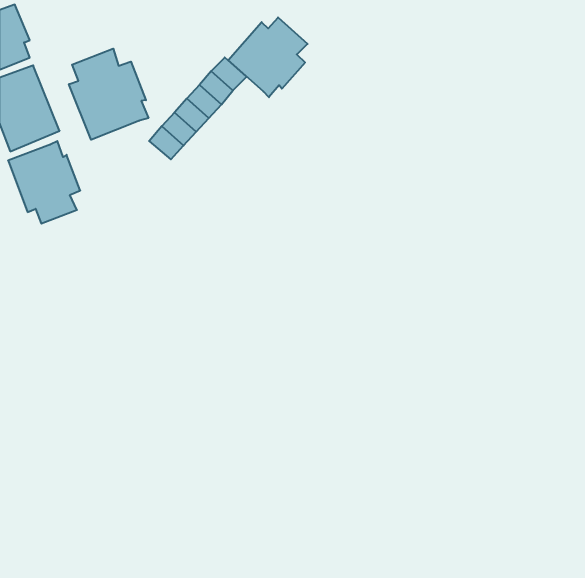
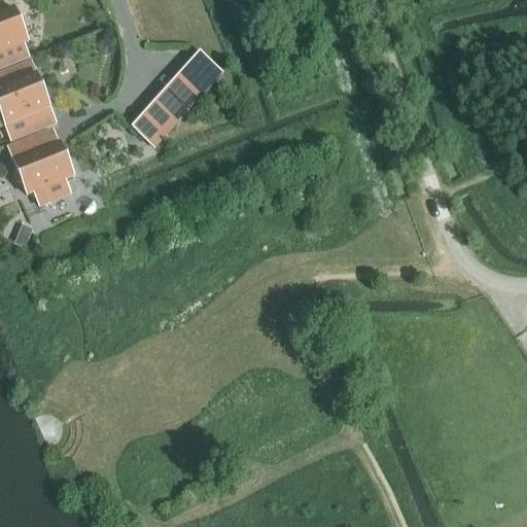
building: [228,17,308,97] -> none
building: [69,49,148,140] -> none

